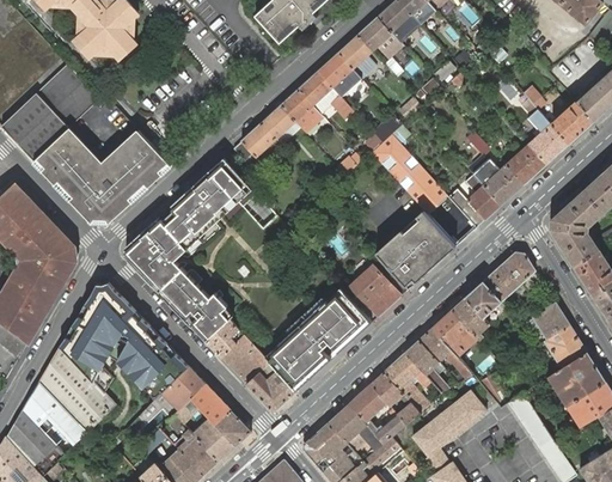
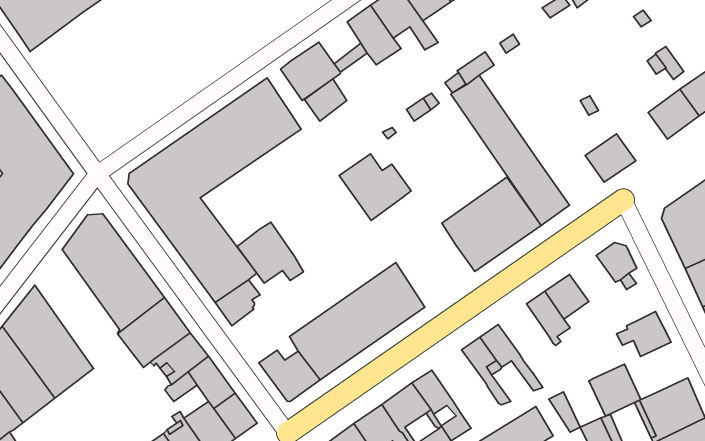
building: [259,105,293,140] -> [305,79,347,121]
building: [32,126,170,220] -> none
building: [504,146,545,185] -> none
building: [447,176,500,227] -> none
building: [348,264,406,317] -> [339,154,411,220]
building: [482,264,519,301] -> none
building: [430,310,472,355] -> none
building: [60,315,131,392] -> none
building: [543,325,586,368] -> [589,364,641,416]
building: [220,335,275,384] -> [237,222,304,283]
building: [382,353,429,413] -> none

